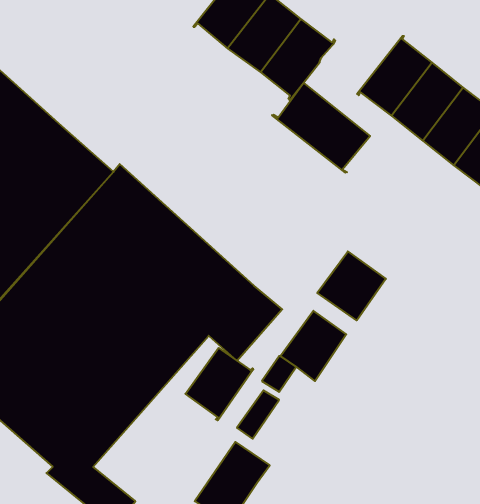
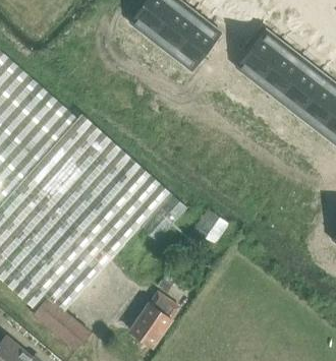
building: [272,83,370,173] -> none
building: [317,251,386,320] -> none
building: [185,348,253,420] -> none

